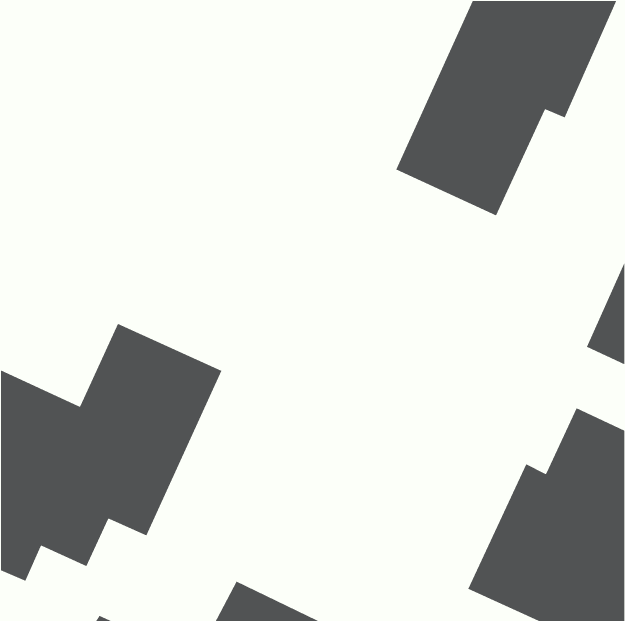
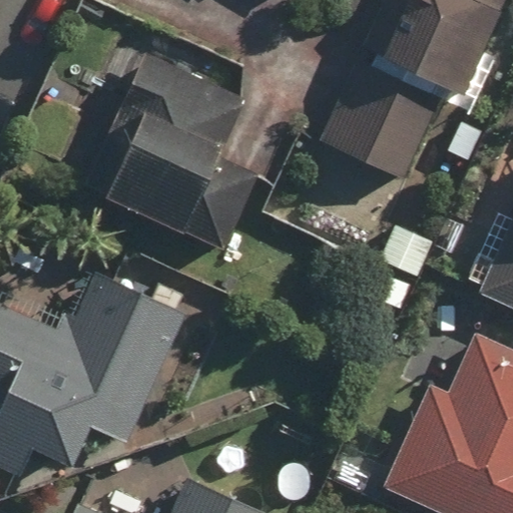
building: none -> [91,58,263,248]

